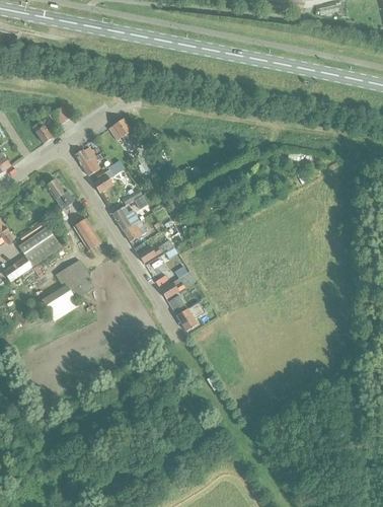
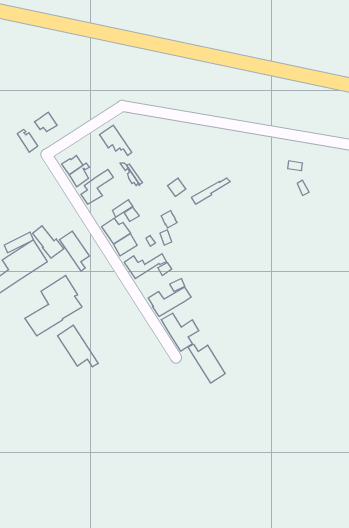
building: [46,178,75,209] -> [33,226,64,258]
building: none -> [58,325,98,367]
building: none -> [188,344,225,383]

